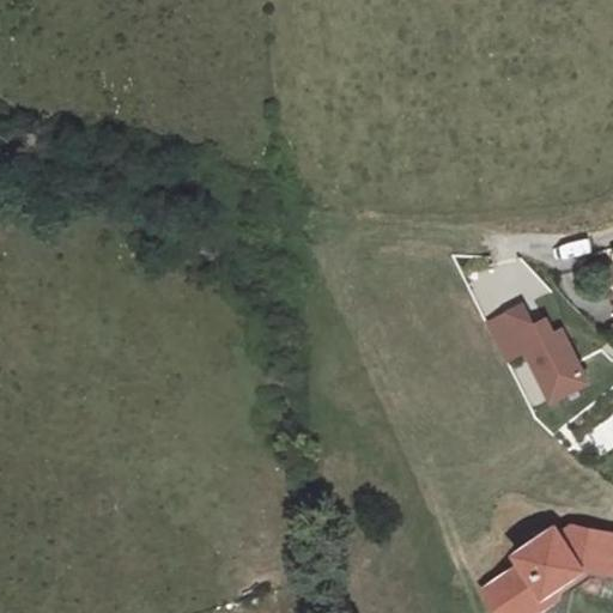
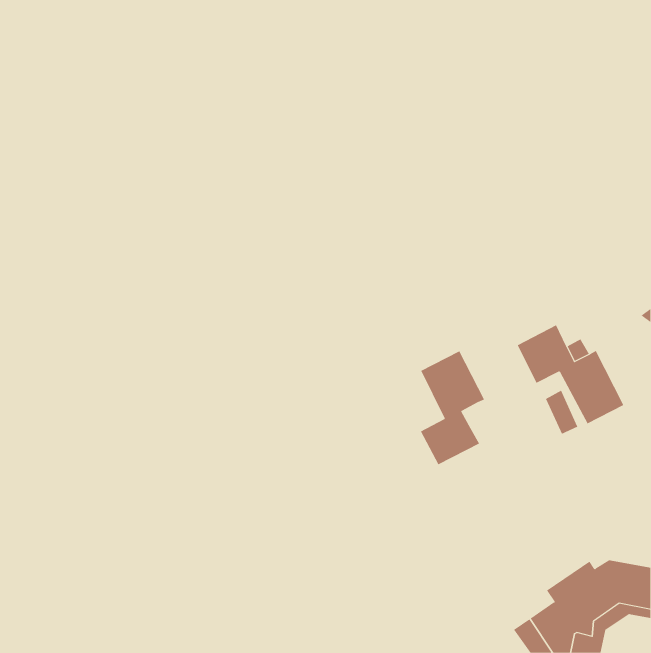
building: none -> [420,350,485,465]

